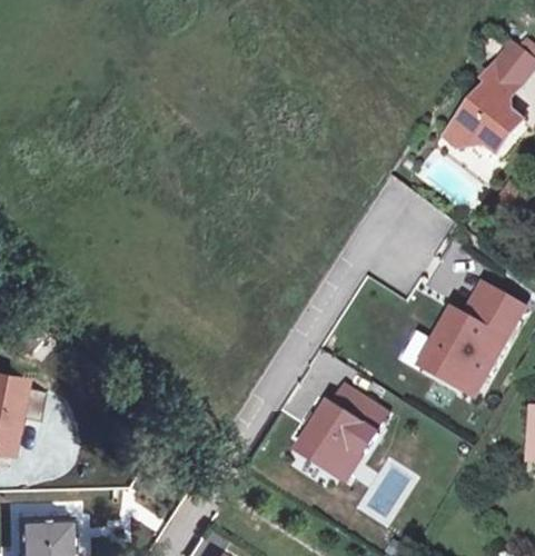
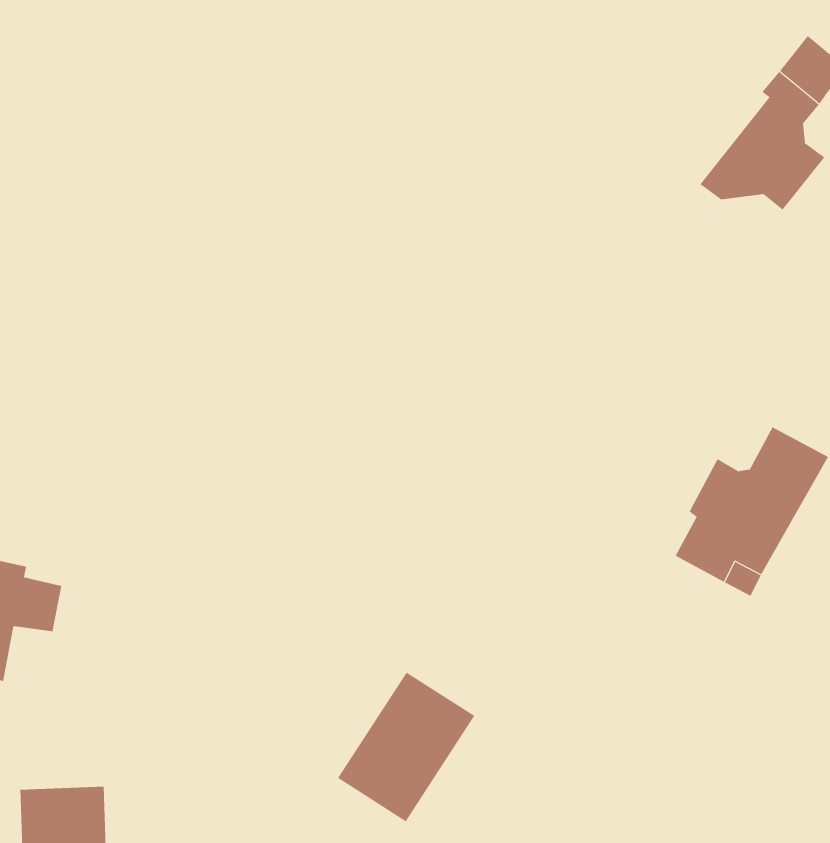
building: [300,386,387,480] -> [337,672,475,822]

